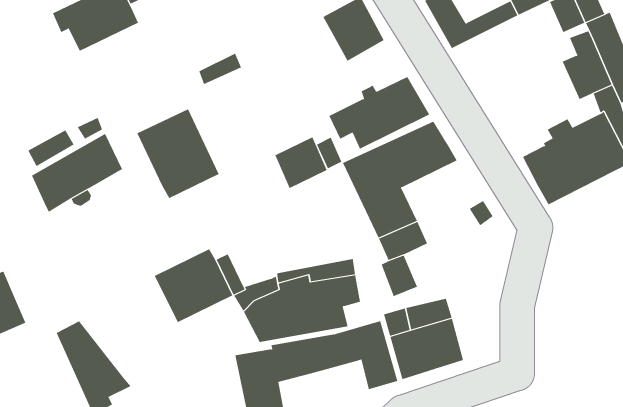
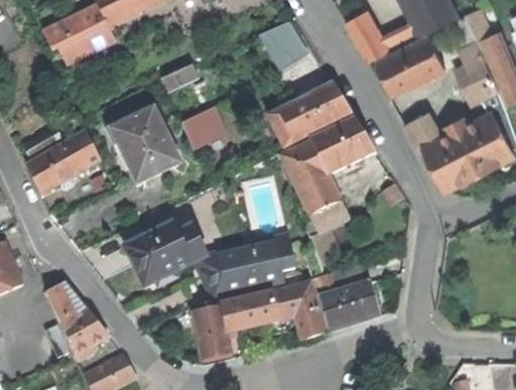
building: none -> [377,35,445,94]
building: none -> [405,112,443,152]
building: [274,137,328,189] -> [181,108,225,150]

